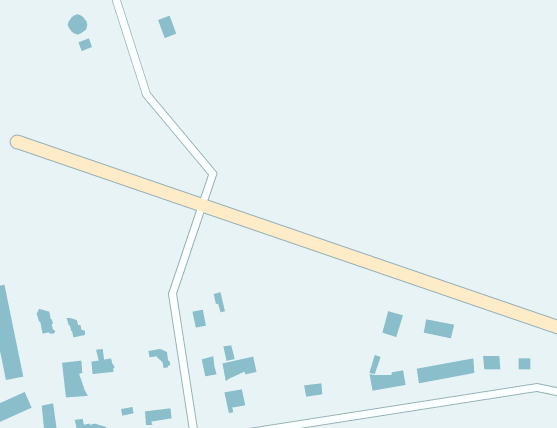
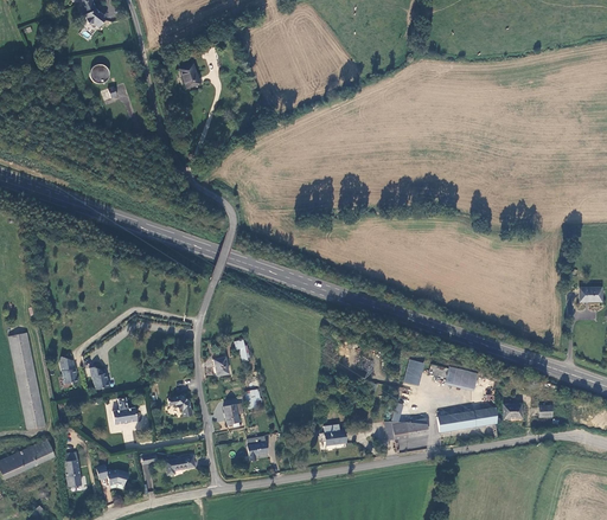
building: [222,356,257,382] -> none
building: [62,360,89,398] -> none

